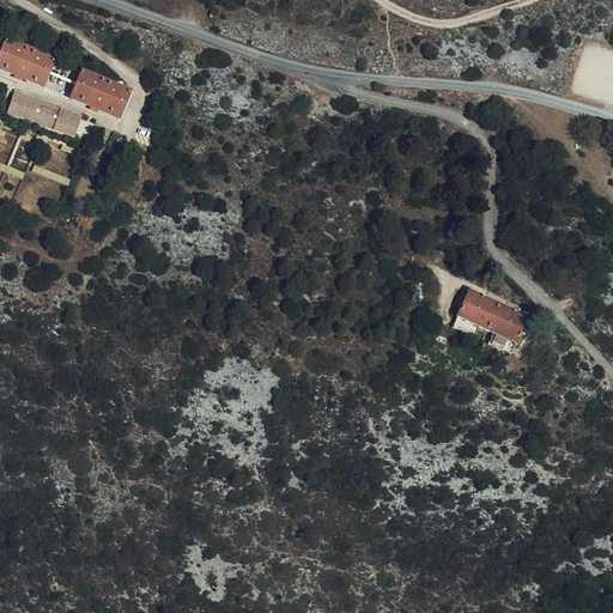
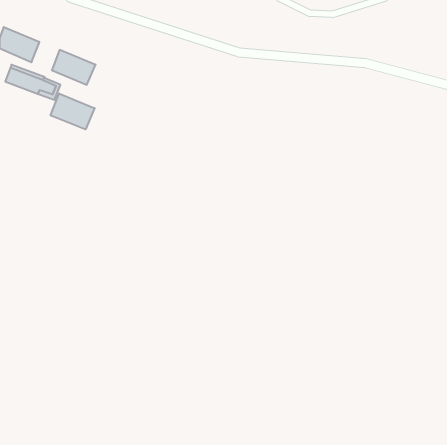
building: none -> [51,93,95,129]
building: [450,289,527,353] -> none

